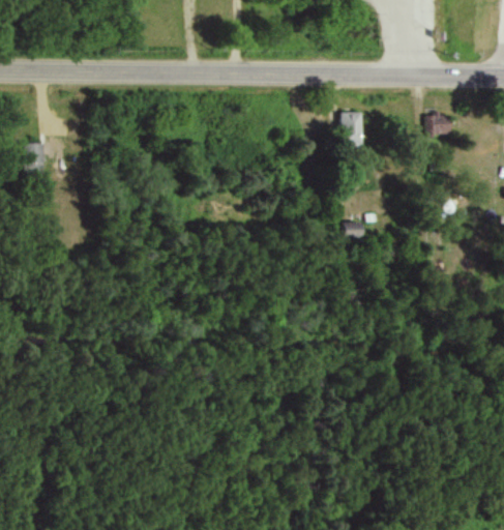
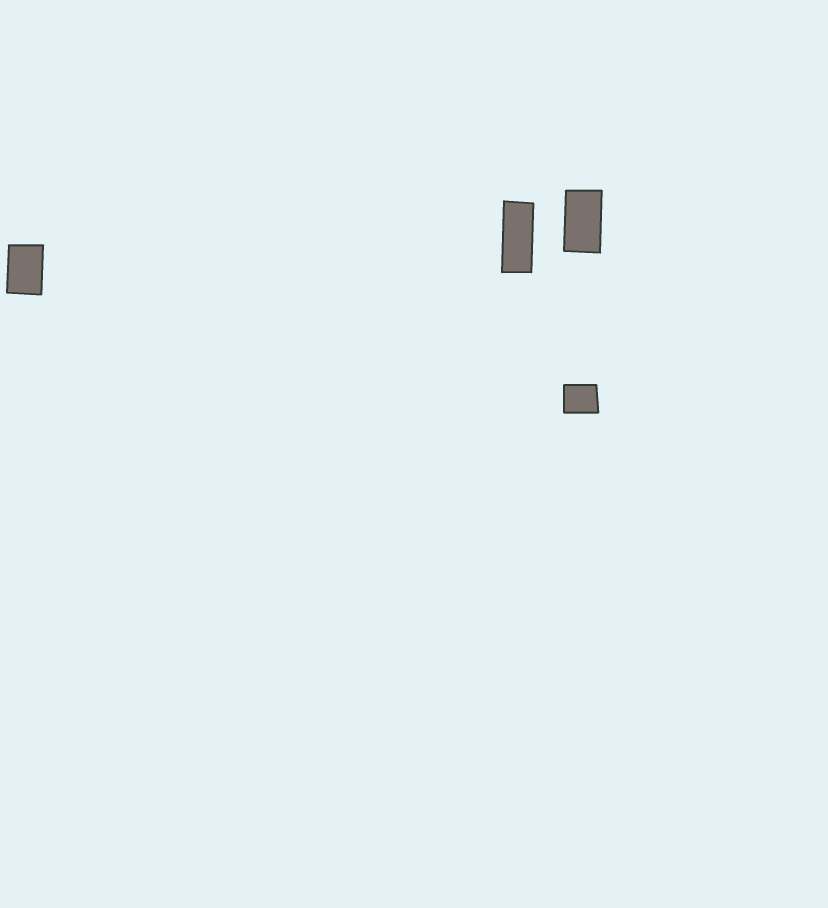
building: [426,114,453,135] -> none
building: none -> [502,201,533,272]

